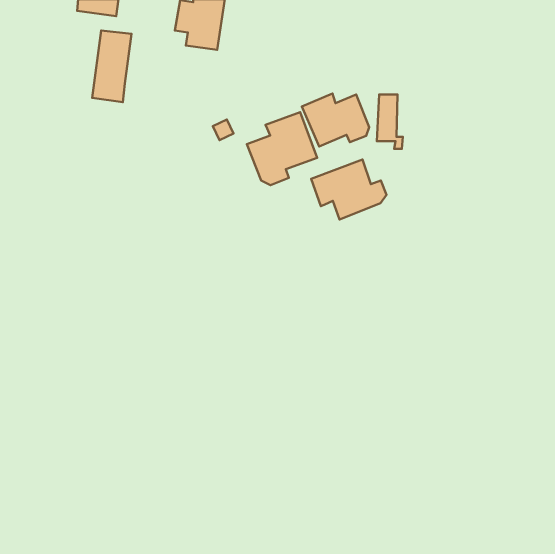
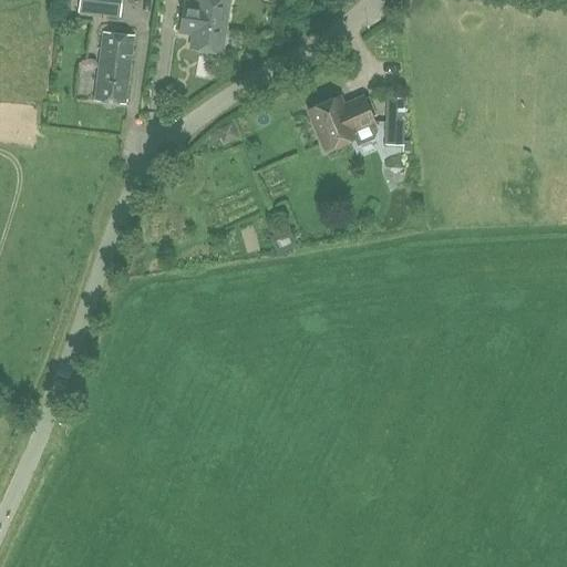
building: [247,112,317,185] -> none
building: [311,159,386,219] -> none

